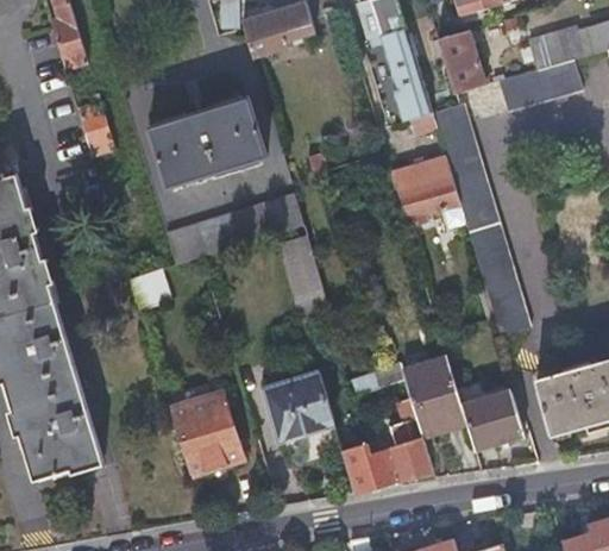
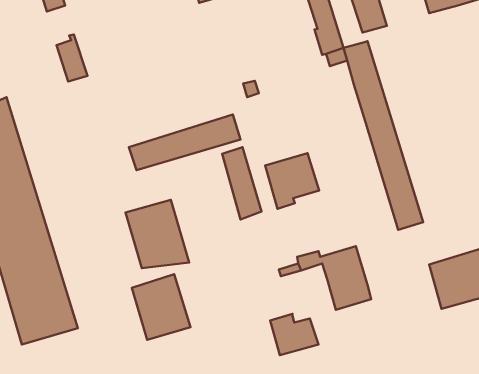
building: [497,60,582,111] -> none
building: [150,96,268,186] -> none
building: [393,157,459,226] -> [265,153,319,209]
building: [263,371,341,456] -> [126,200,189,268]
building: [462,390,523,449] -> none
building: [369,397,435,481] -> none

